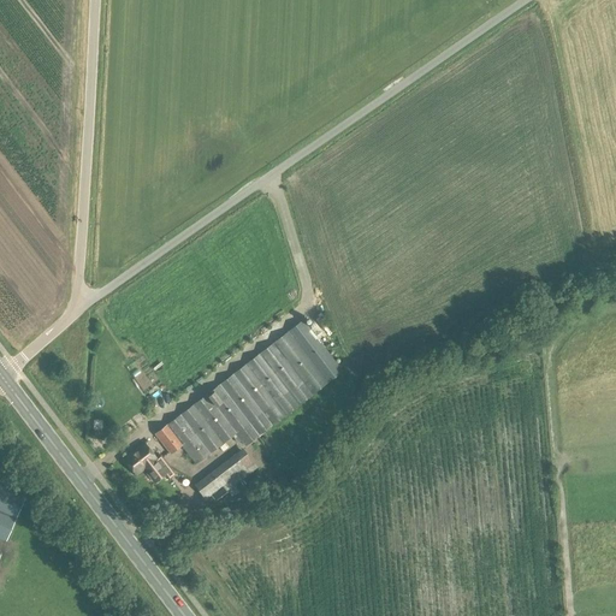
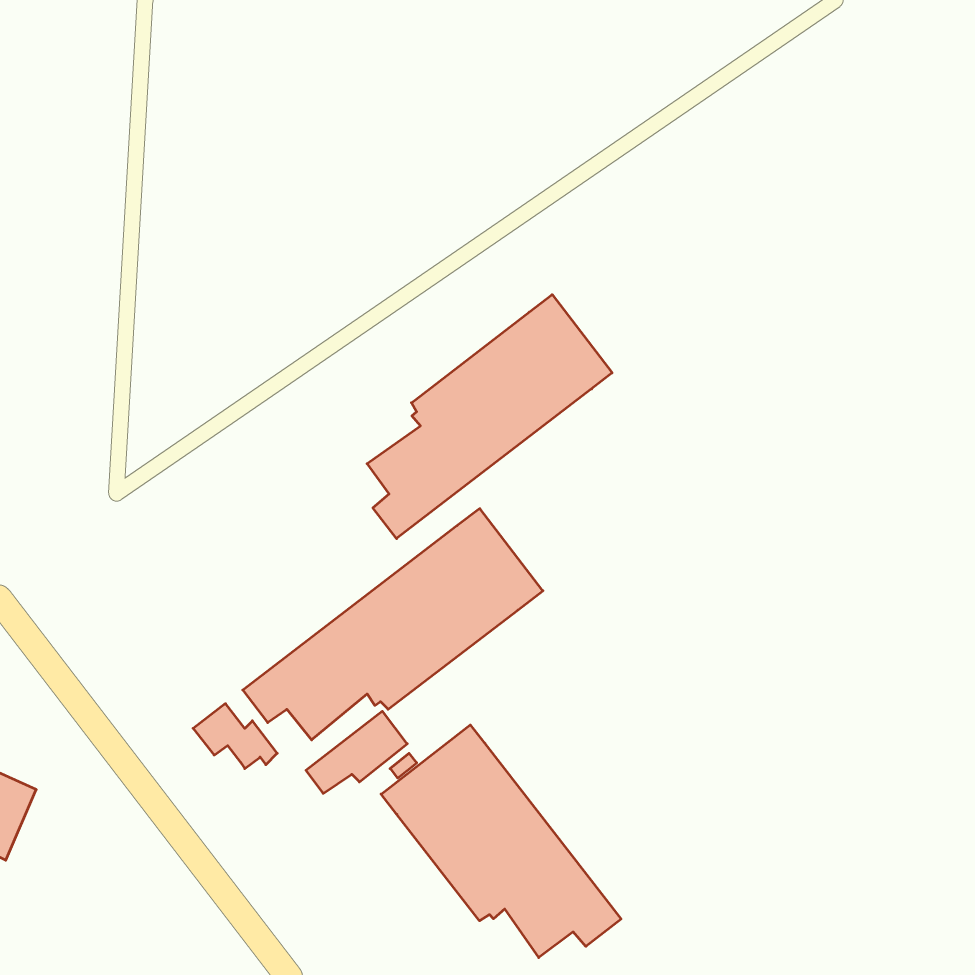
building: none -> [367,295,612,539]
building: none -> [381,725,621,958]

